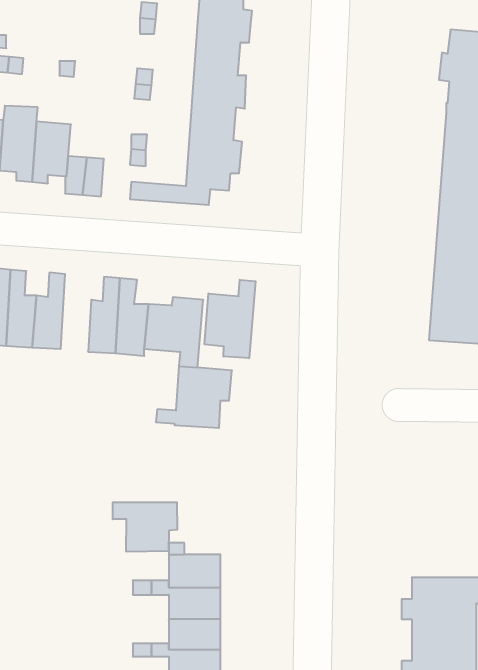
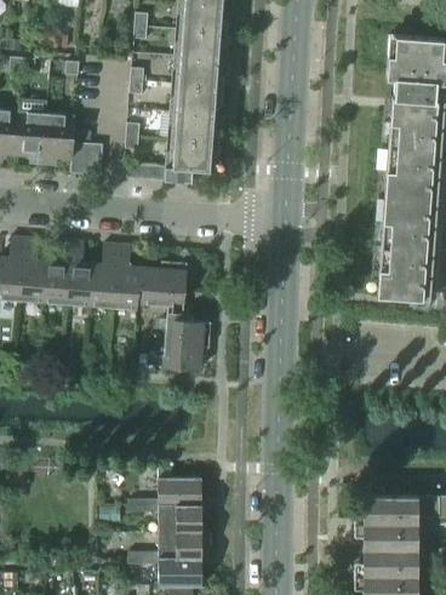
building: none -> [67,242,92,308]
building: [205,280,256,358] -> none
building: [113,502,177,552] -> none

